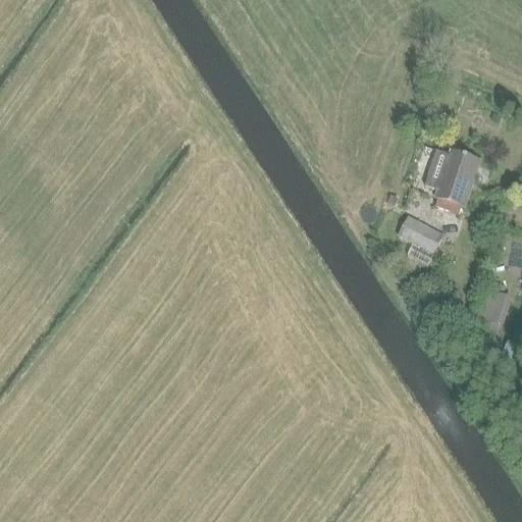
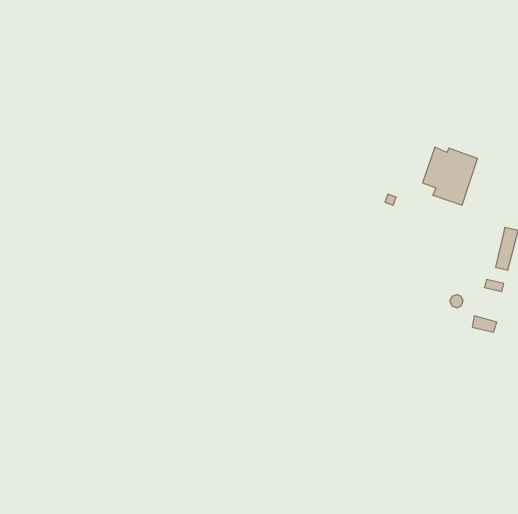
building: [399,215,443,252] -> none

